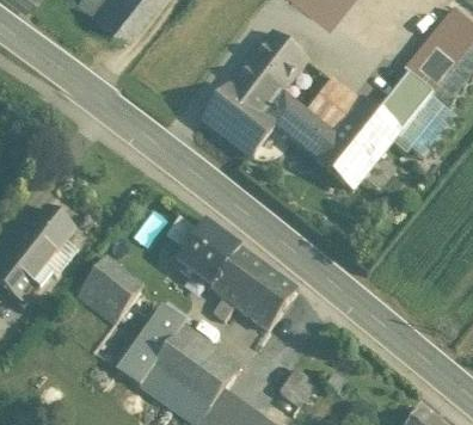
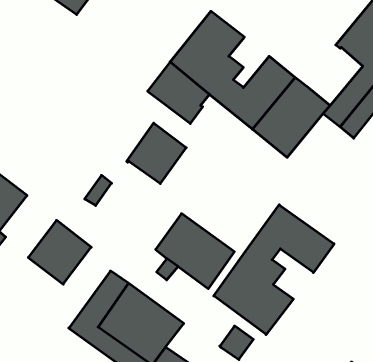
building: [374,72,430,134] -> none
building: [174,222,238,287] -> [127,123,186,184]
building: none -> [214,205,334,335]

